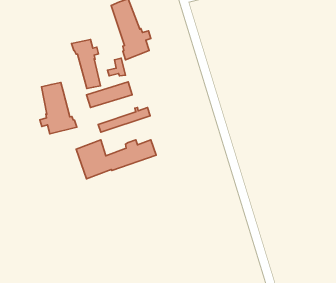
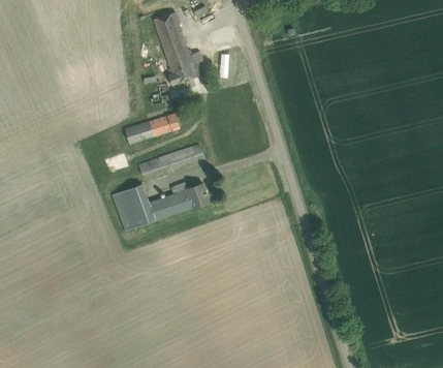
building: [72,40,100,89] -> none
building: [40,82,77,134] -> none

